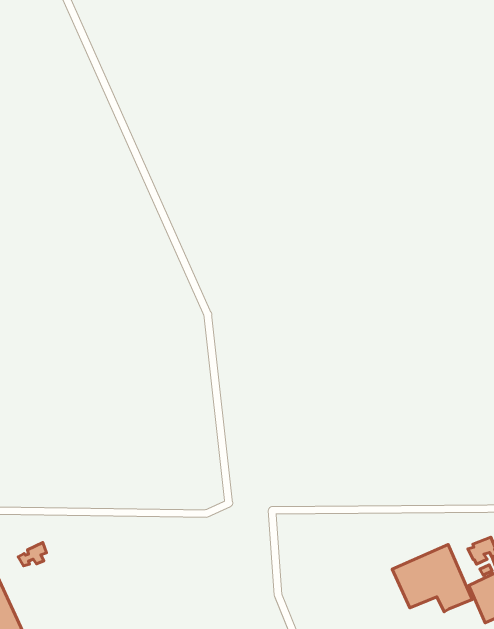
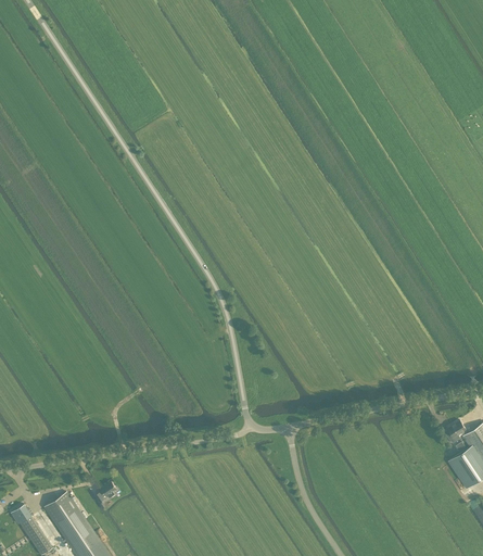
building: [392,545,472,612] -> none

